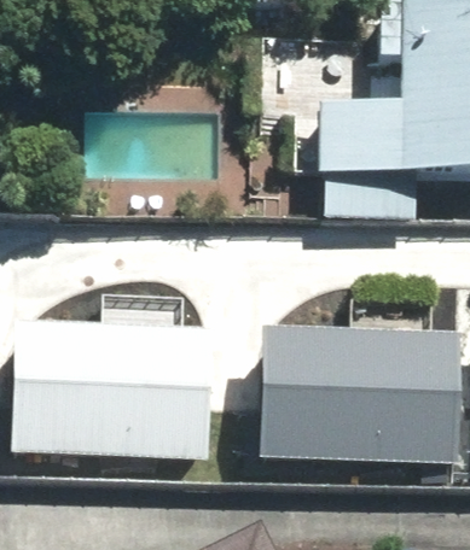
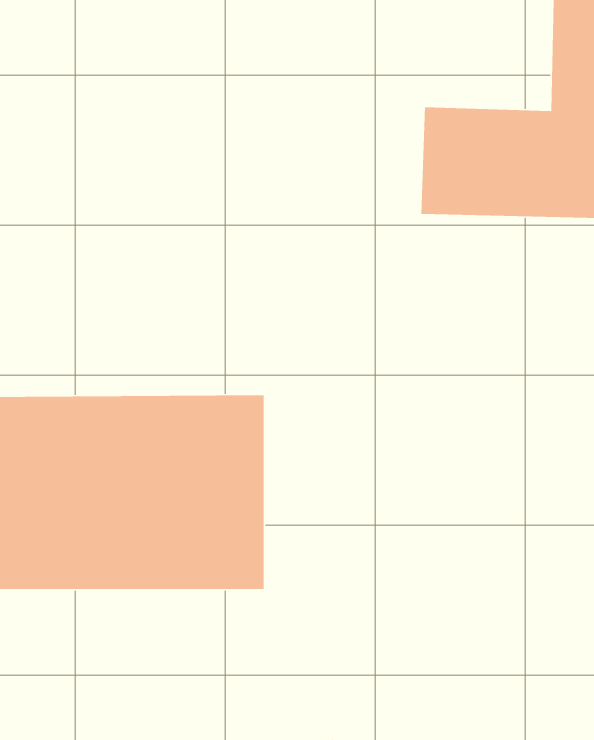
building: [271,311,401,423] -> none

